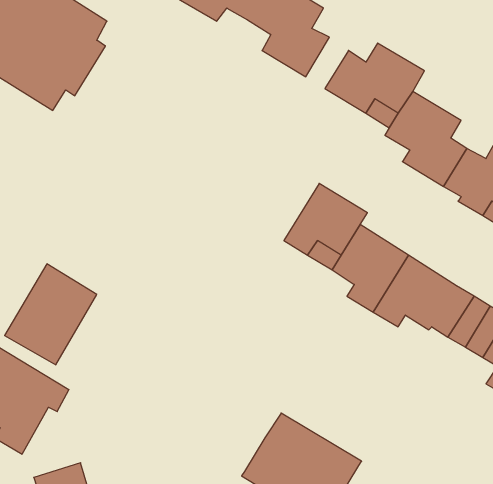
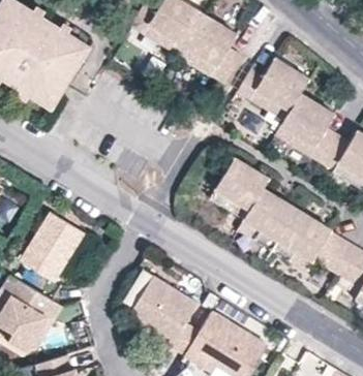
building: none -> [128,280,196,363]

